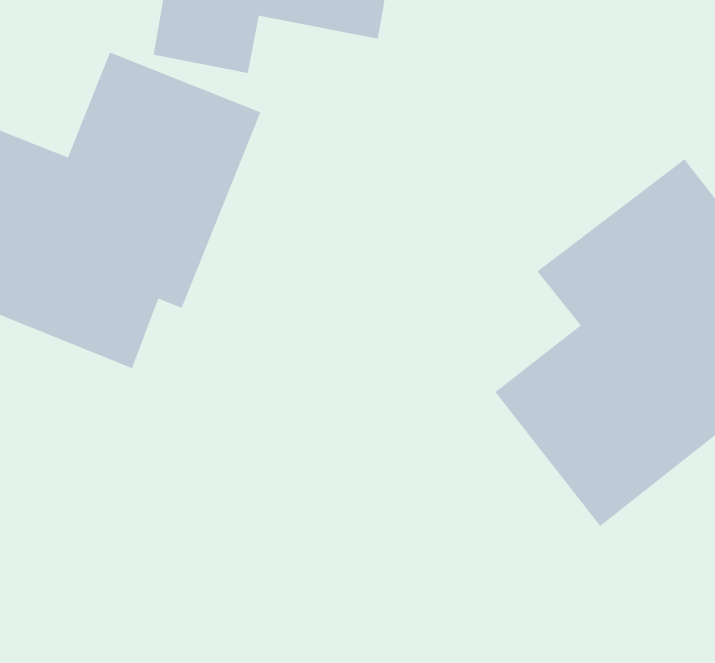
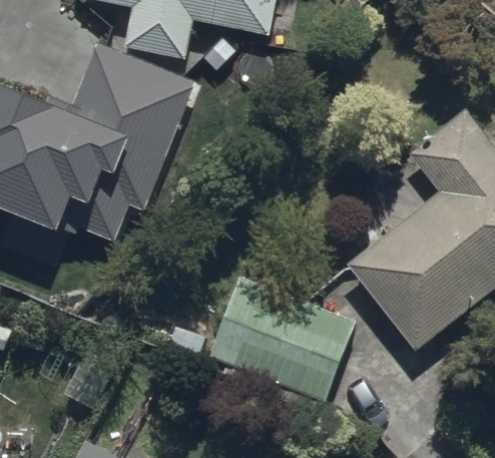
building: none -> [207,280,353,401]

